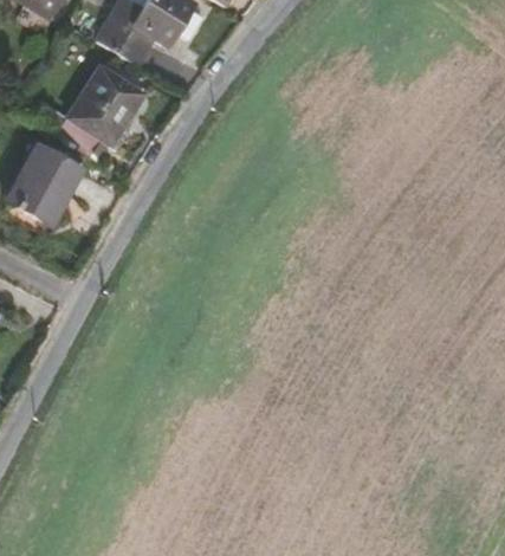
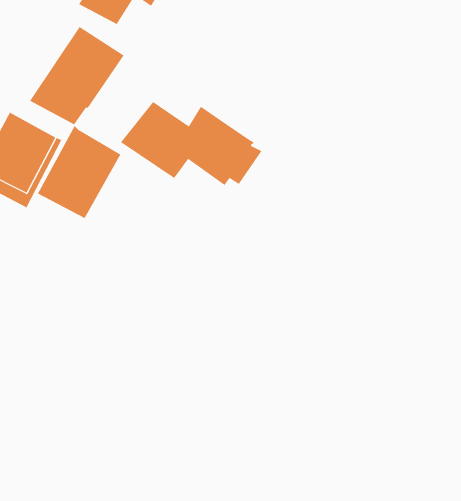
building: none -> [120,101,262,186]
building: none -> [37,125,121,219]

